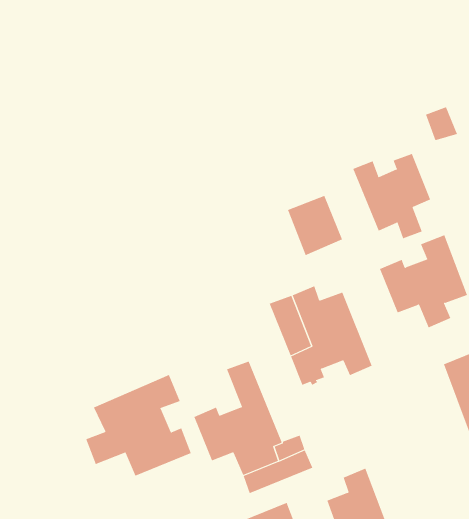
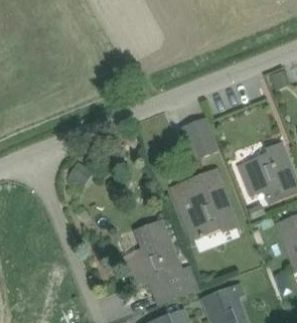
building: [352,153,431,239] -> none
building: [85,374,192,477] -> none

